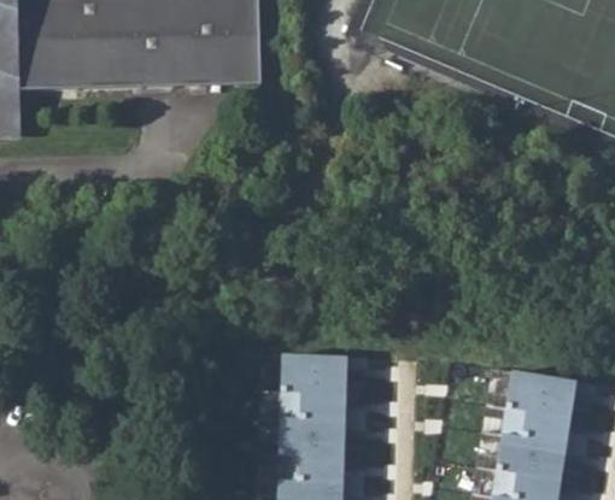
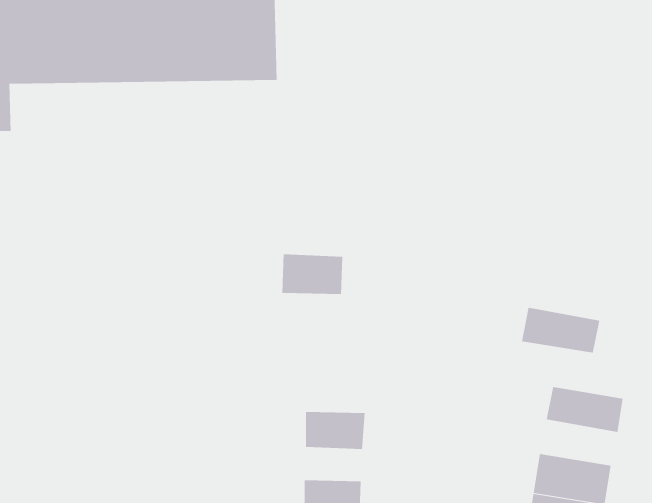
building: [286,351,342,388] -> [281,254,343,295]
building: [500,394,573,436] -> [521,307,600,353]
building: [285,419,339,451] -> none

